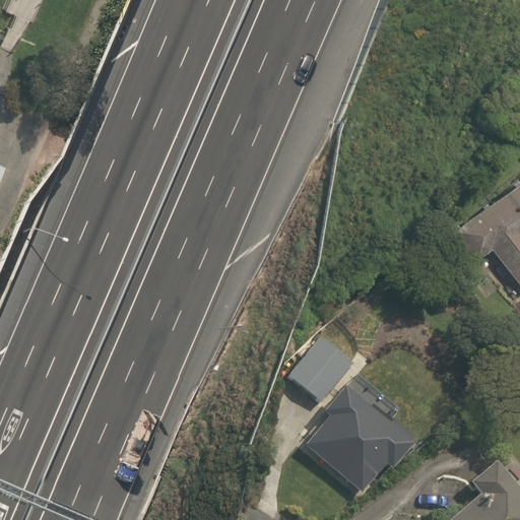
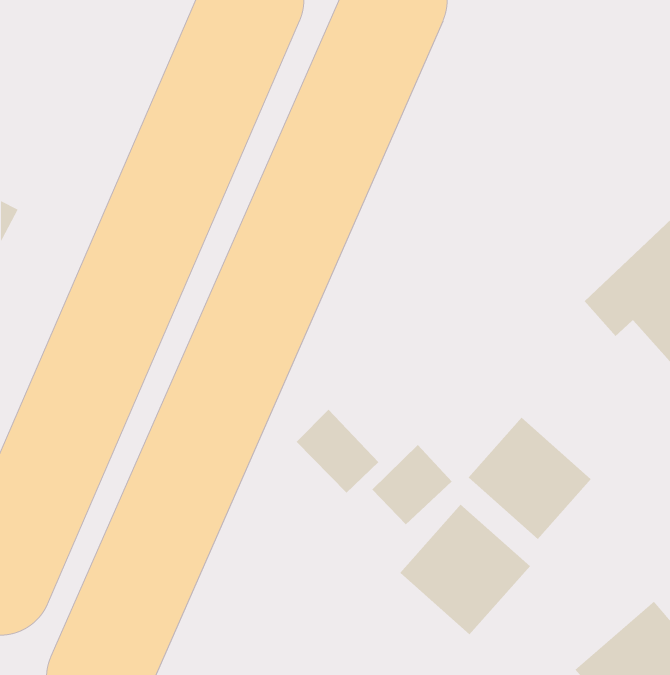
building: none -> [296,409,379,494]
building: none -> [468,417,591,540]

